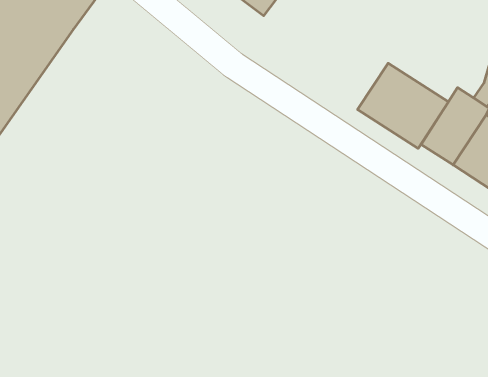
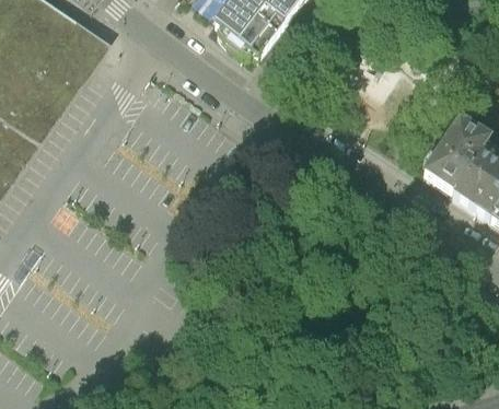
building: [358,63,448,148] -> none

